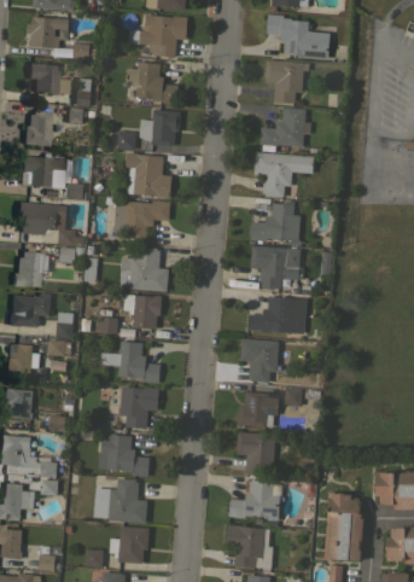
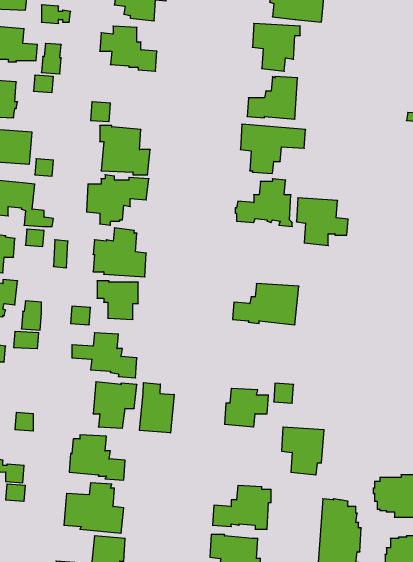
building: [140,110,181,146] -> none
building: [252,246,299,290] -> [296,198,348,246]
building: [240,338,280,383] -> none
building: none -> [139,383,174,433]
building: [238,432,276,476] -> [282,427,324,475]

